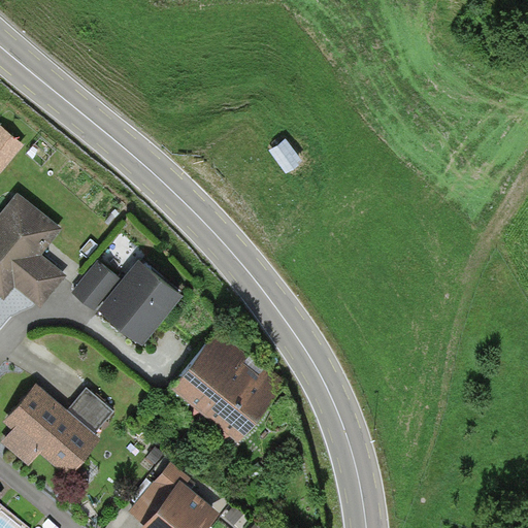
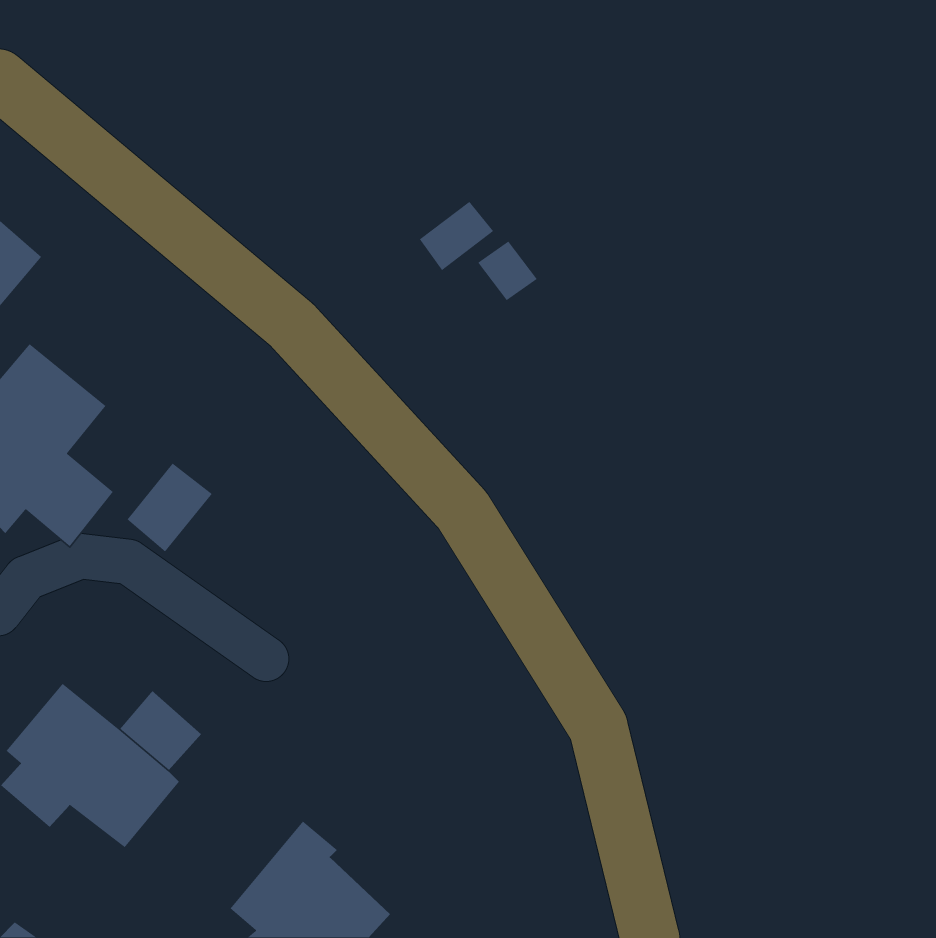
building: none -> [419,201,494,271]
building: [96,260,182,345] -> none
building: [169,330,284,441] -> none

